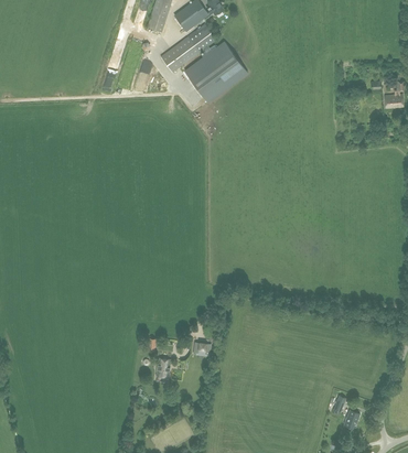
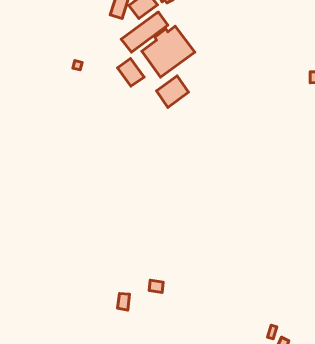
building: none -> [117,59,144,86]
building: none -> [156,76,189,107]

